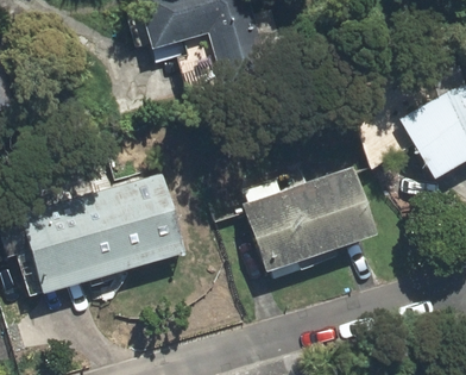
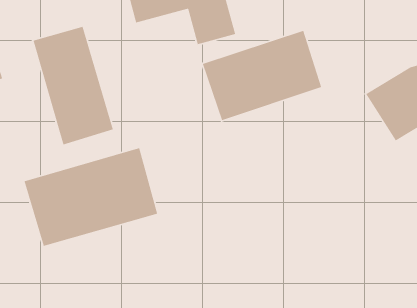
building: none -> [32,26,114,146]
building: [244,170,376,270] -> [202,30,322,121]

